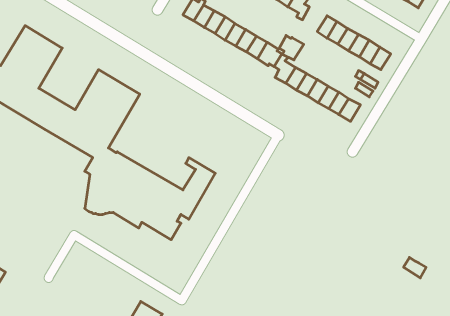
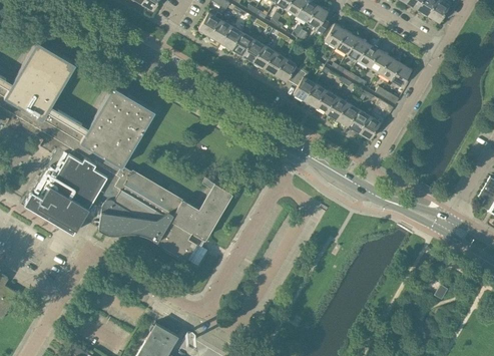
building: [279,35,304,60] -> [322,22,347,47]
building: none -> [25,147,107,234]

